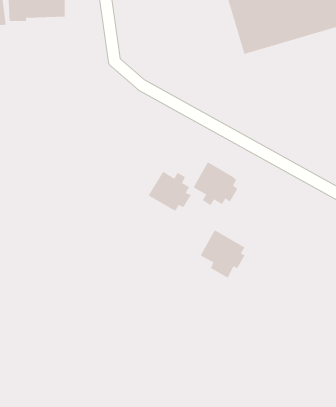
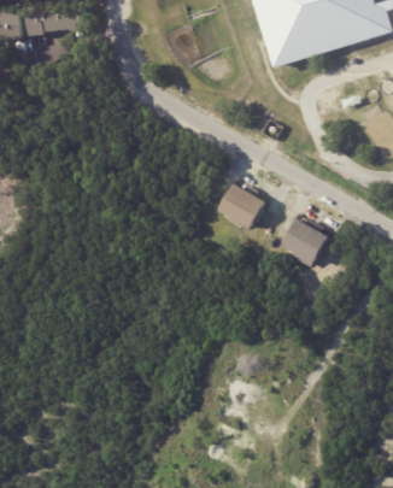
building: [148,171,191,211] -> none
building: [200,229,245,278] -> [280,216,328,267]

